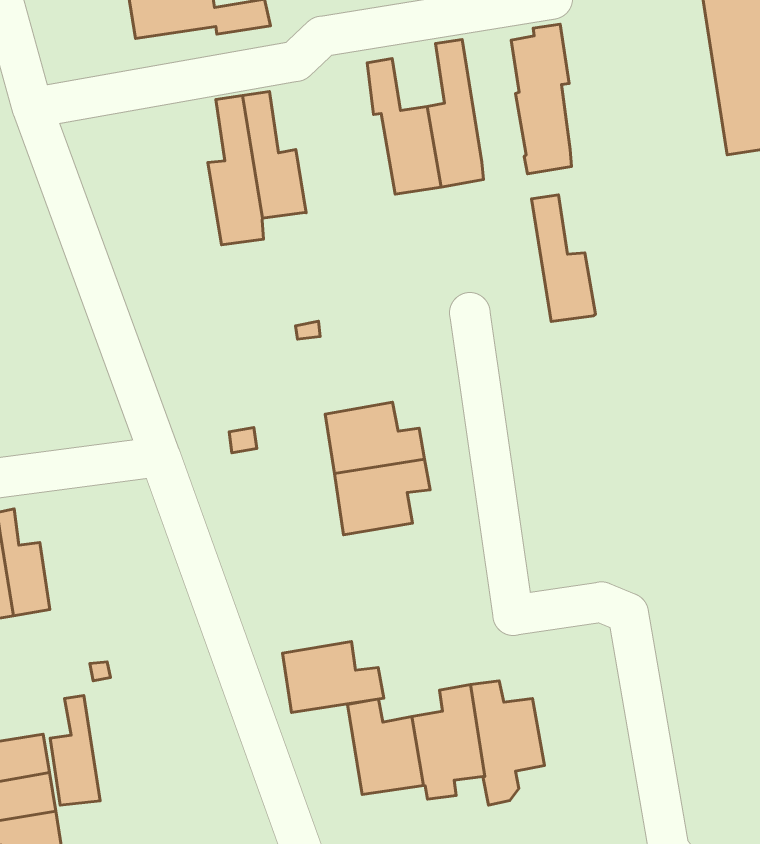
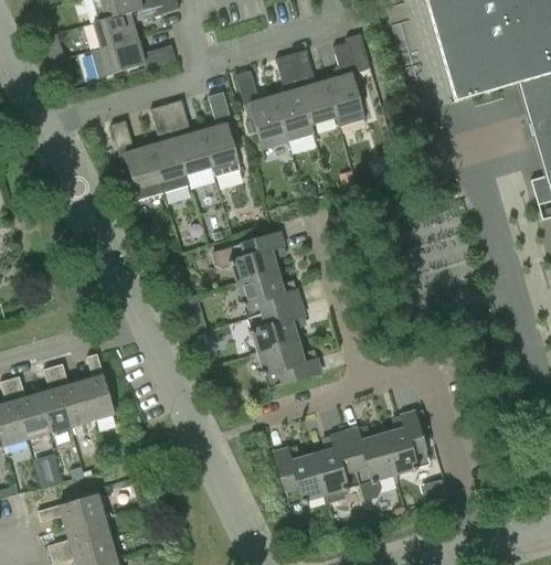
building: none -> [202,90,242,177]
building: none -> [112,119,166,200]
building: [532,195,595,322] -> [292,49,338,124]
building: none -> [212,233,286,284]
building: [282,641,384,712] -> [259,341,322,387]
building: none -> [383,408,436,473]
building: [50,695,100,805] -> [82,353,116,419]

